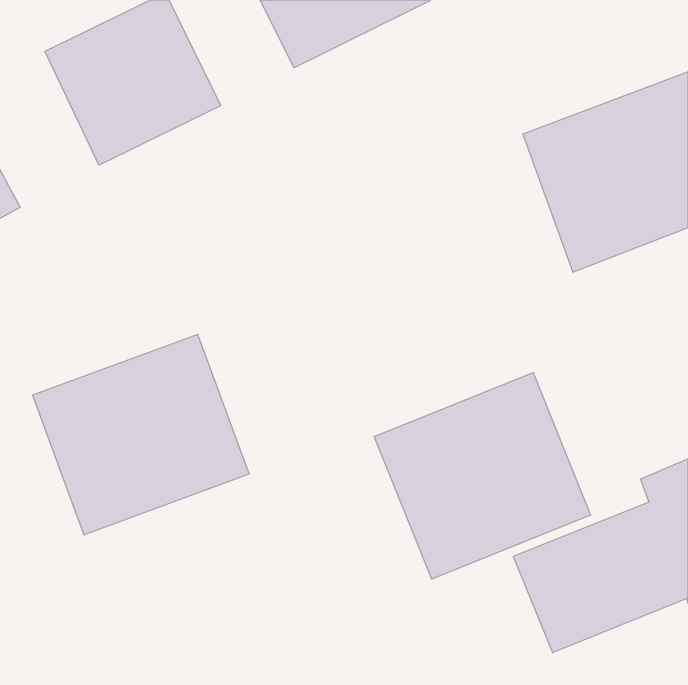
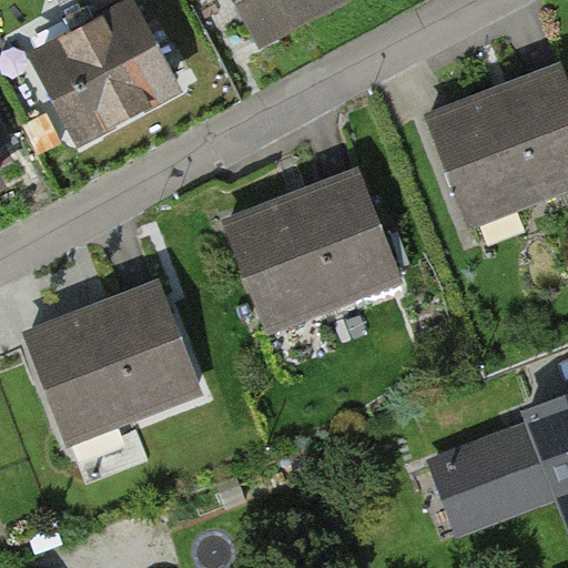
building: none -> [224,170,397,326]
building: [374,373,591,579] -> none

